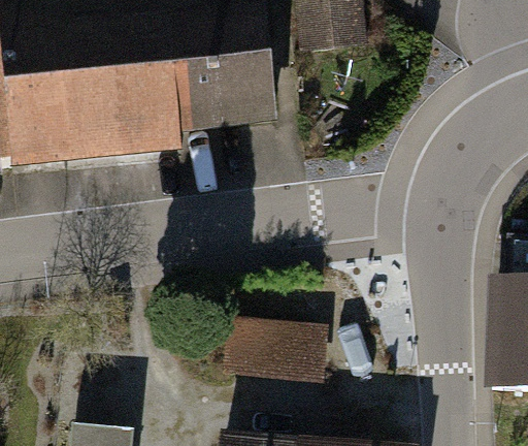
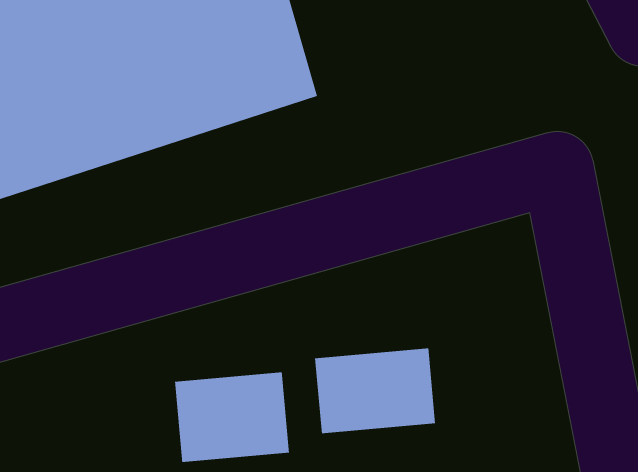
building: none -> [175,372,289,463]

